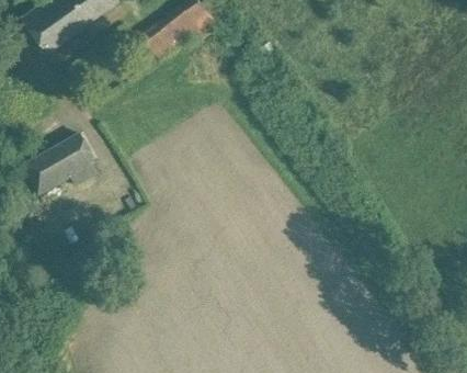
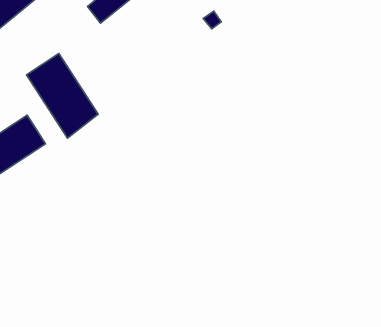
building: none -> [26,53,98,138]

